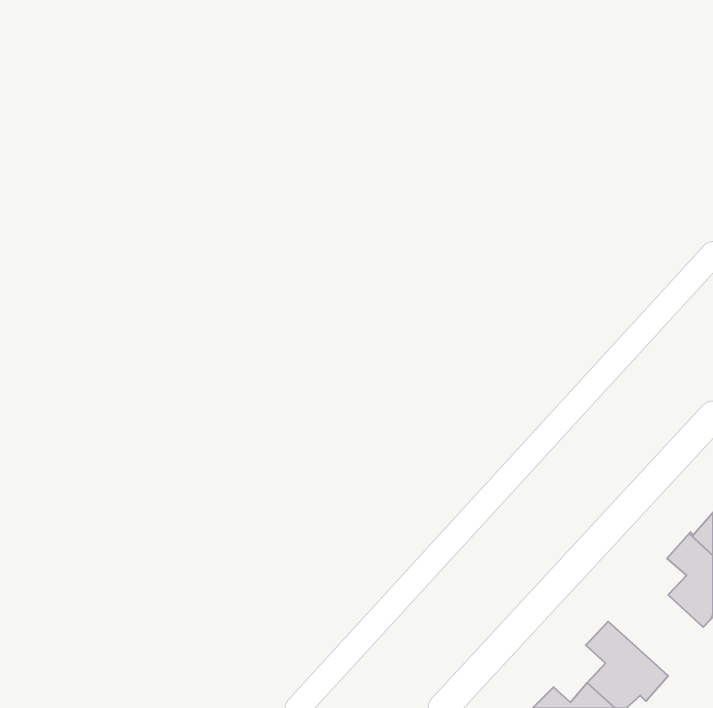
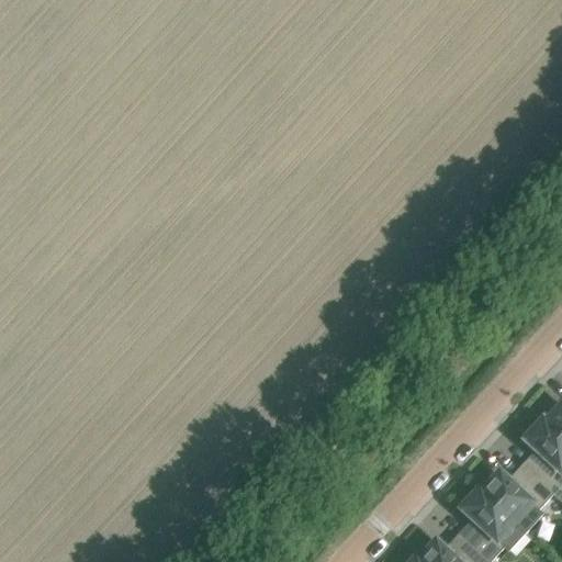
building: none -> [477,468,552,531]

